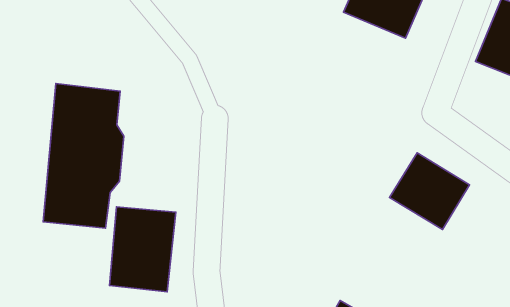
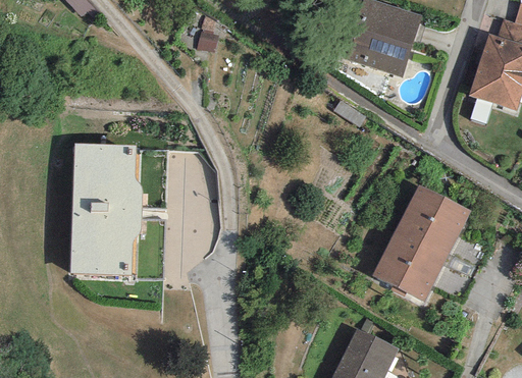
building: none -> [372,228,448,302]
building: [109,207,176,292] -> none

